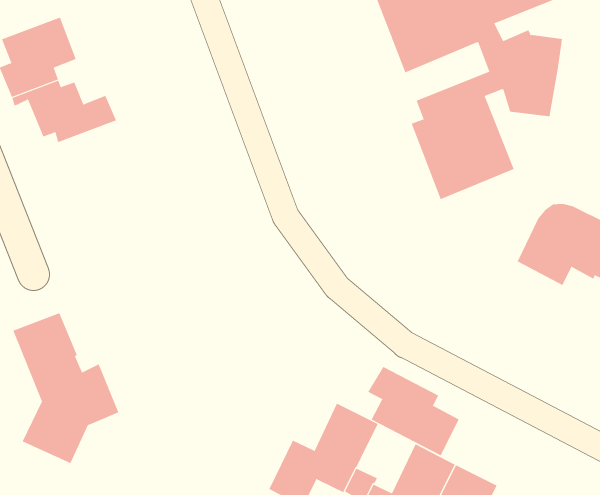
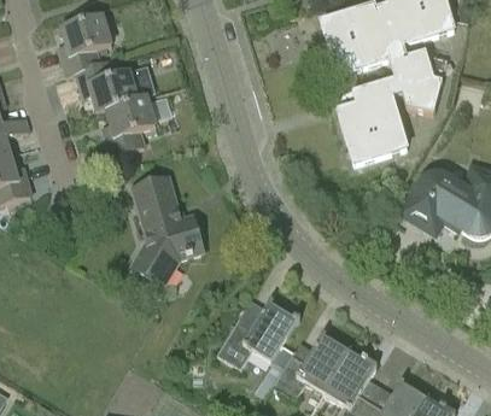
building: none -> [93,90,154,156]
building: [12,312,119,464] -> [134,178,203,283]
building: [368,366,460,456] -> none

